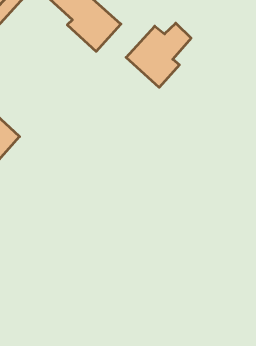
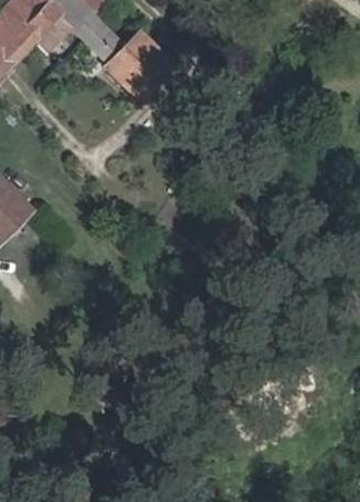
building: [126,23,191,87] -> none

